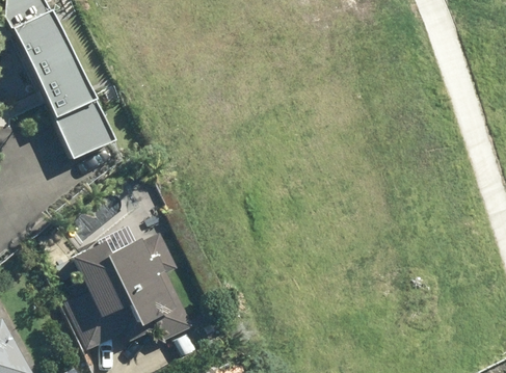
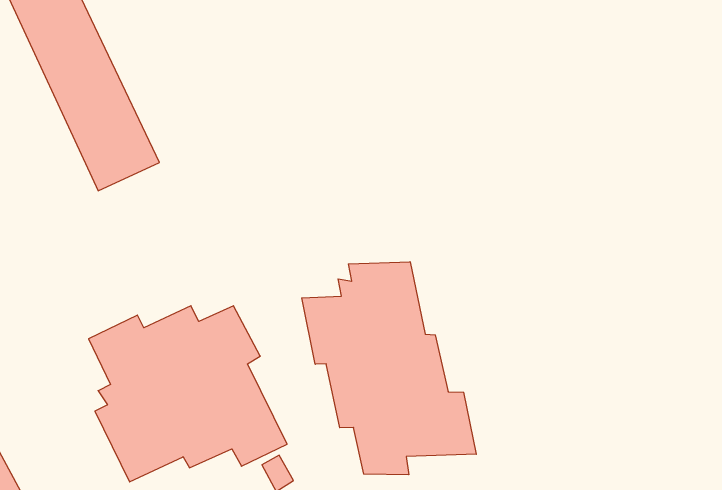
building: none -> [302,262,476,475]

